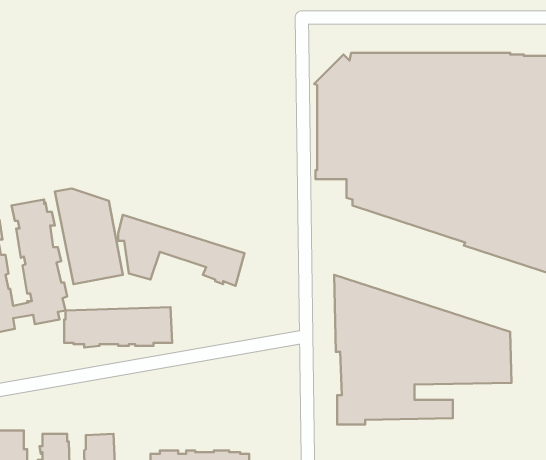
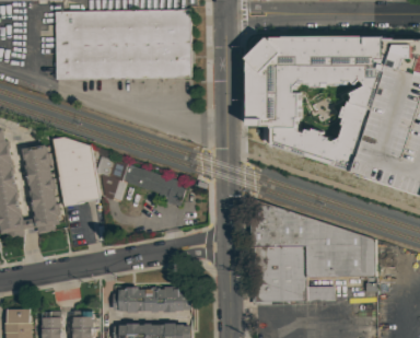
building: none -> [56,9,195,79]
building: [64,307,172,347] -> [114,284,190,313]

